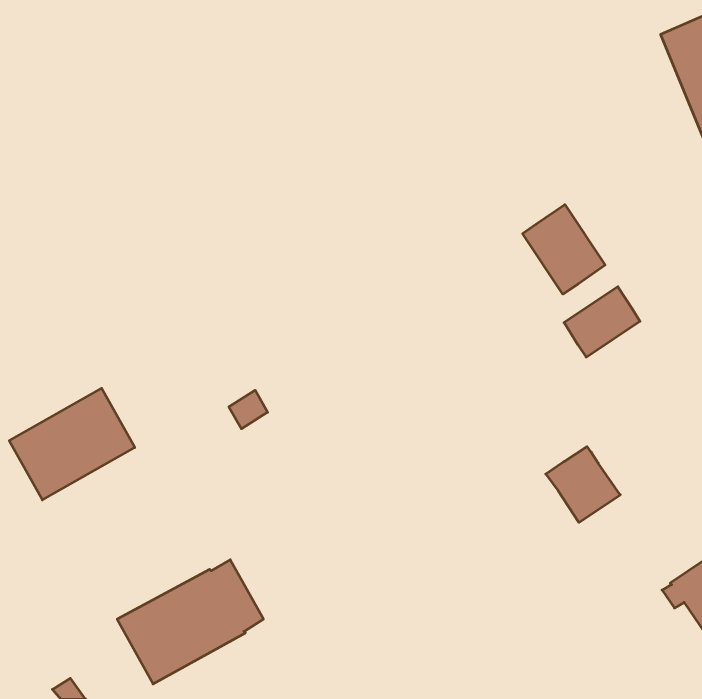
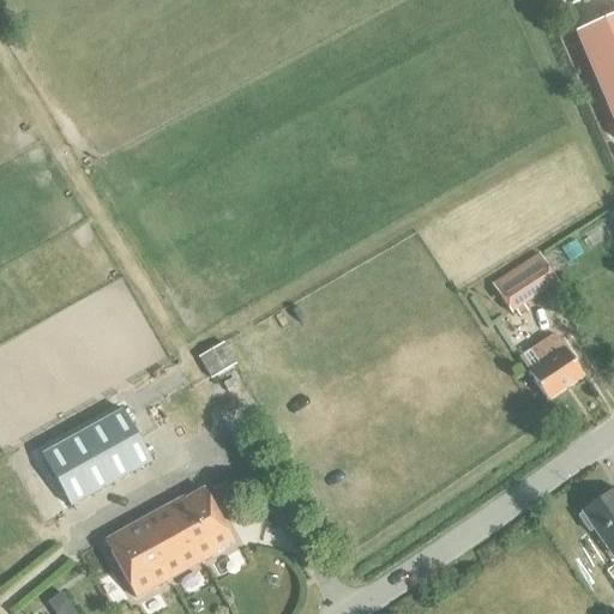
building: [523,205,605,294] -> none
building: [9,388,135,500] -> [43,407,152,504]
building: [546,447,620,522] -> [519,331,584,397]

